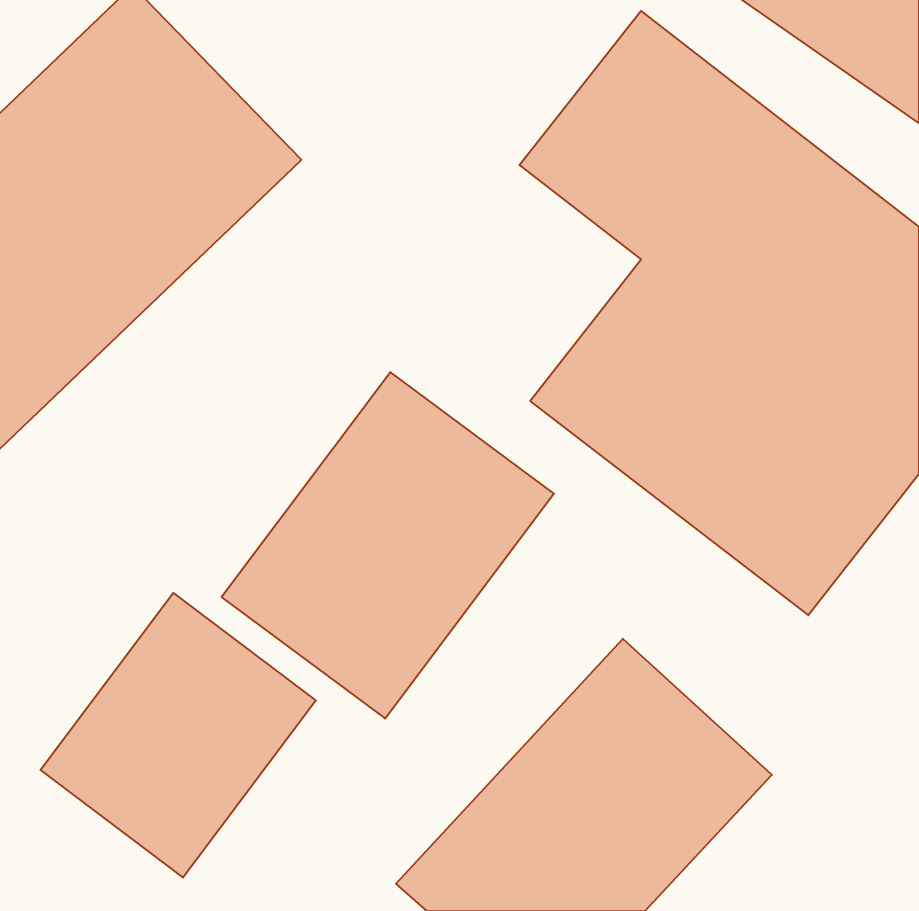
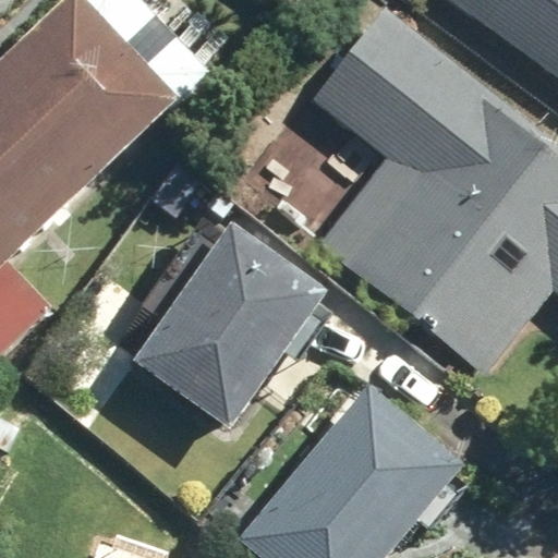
building: [40,593,316,878] -> none

